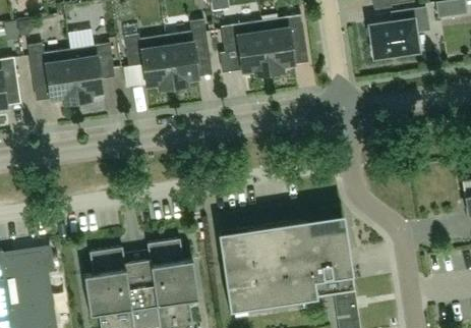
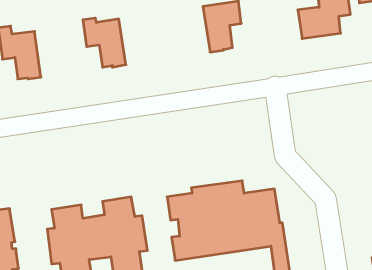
building: [166,21,210,89] -> none
building: [222,22,270,77] -> none
building: [70,45,114,103] -> none

